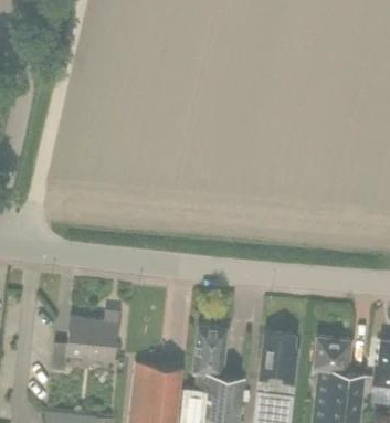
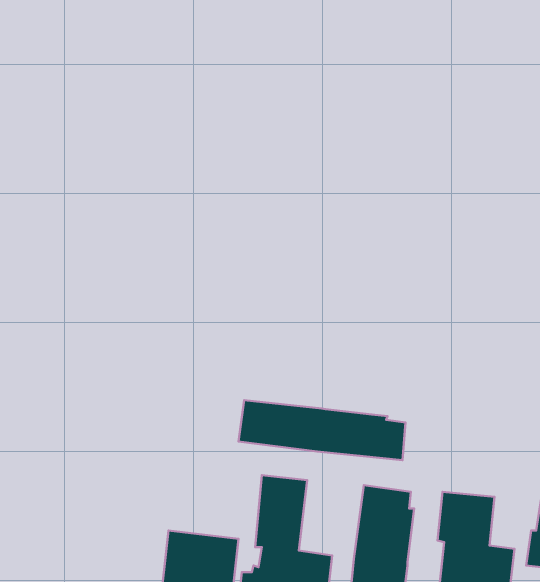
building: none -> [238,400,406,460]
building: [51,313,119,372] -> none

